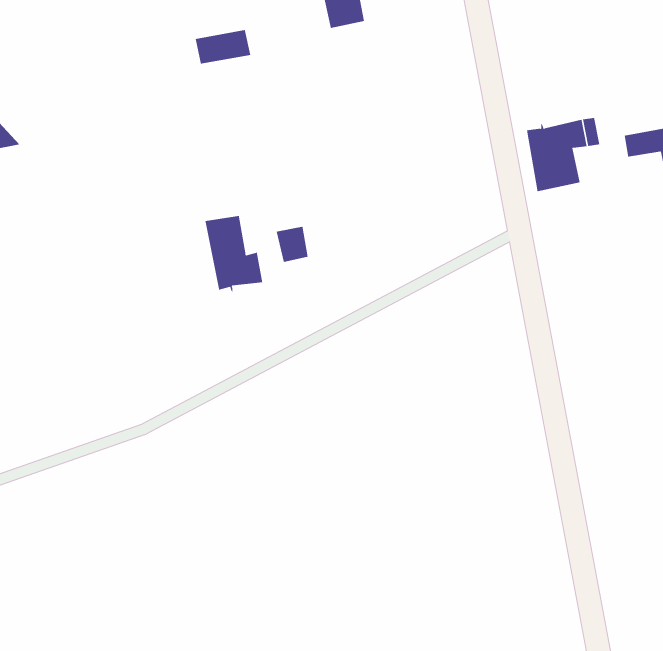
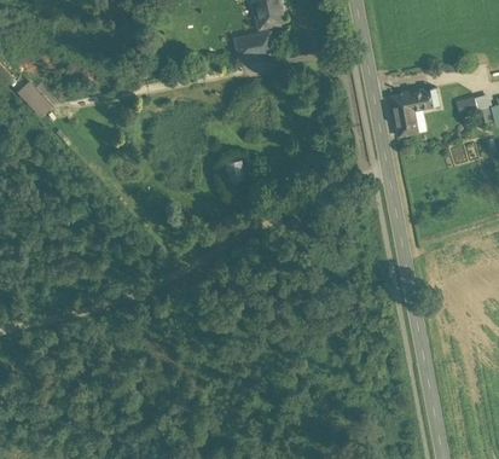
building: [195,30,251,64] -> [236,33,273,56]
building: [205,215,263,293] -> none

